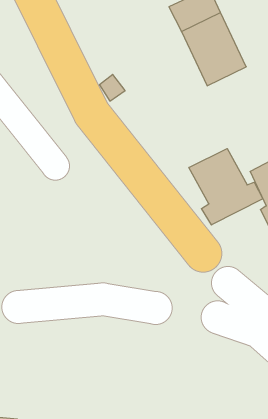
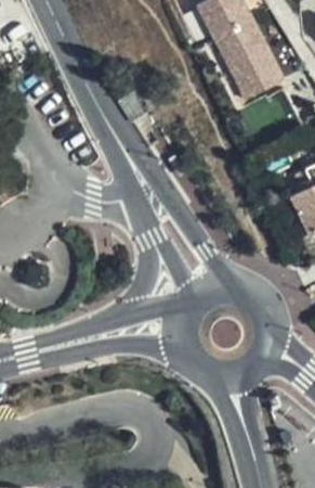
building: [189,149,263,225] -> none

